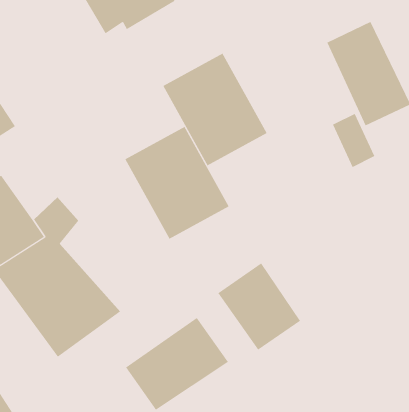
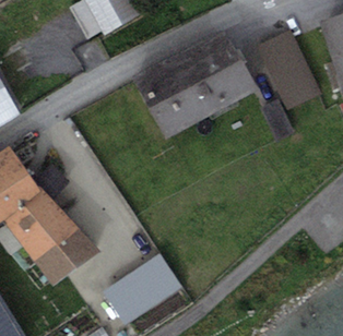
building: [125,126,229,240] -> [178,28,258,115]
building: [218,262,301,351] -> none

